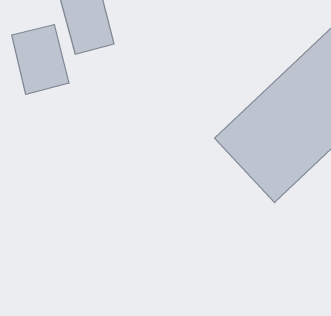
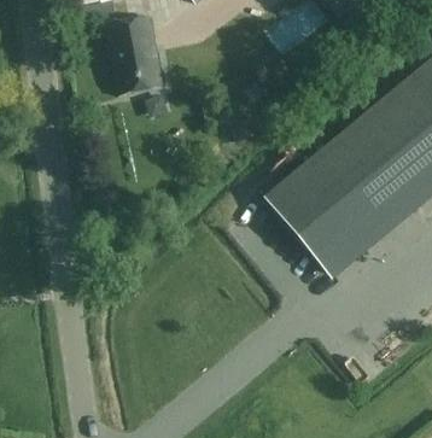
building: [12,24,69,94] -> none

